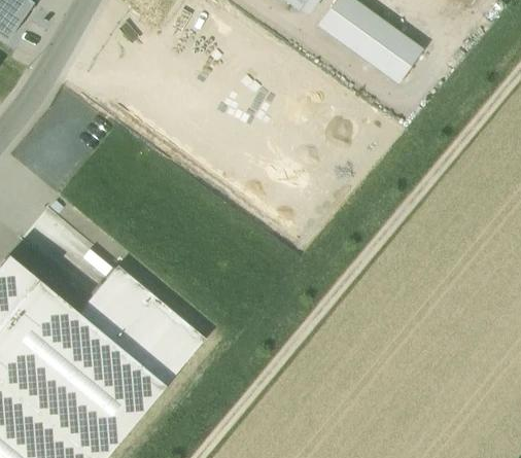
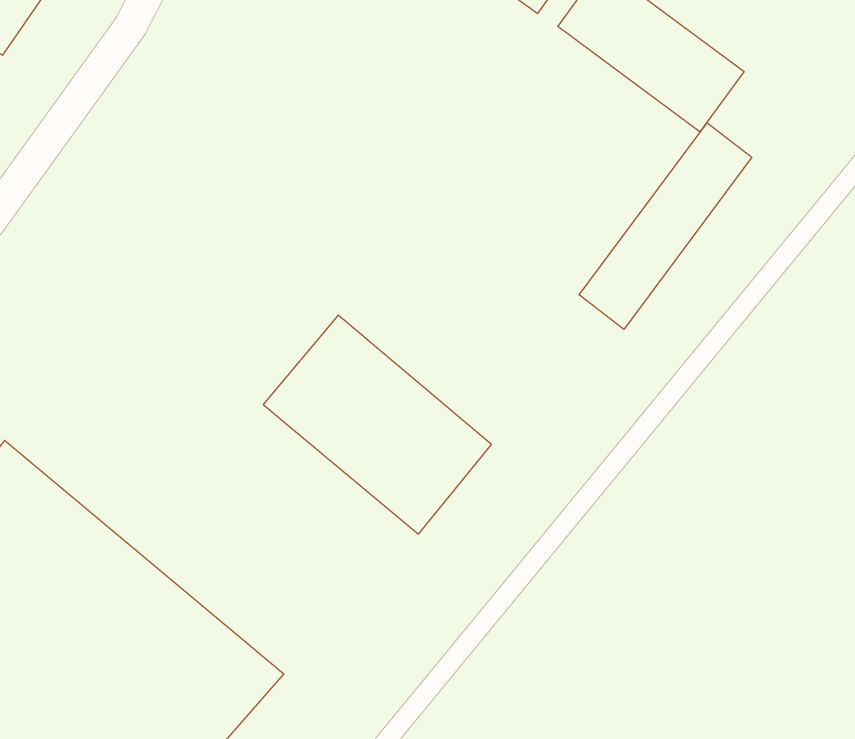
building: none -> [579,123,752,329]
building: [77,265,206,388] -> [263,315,491,534]

